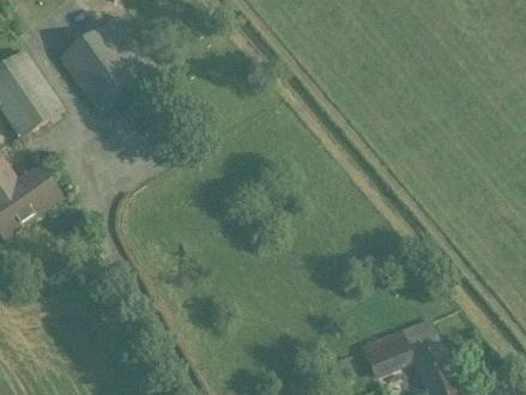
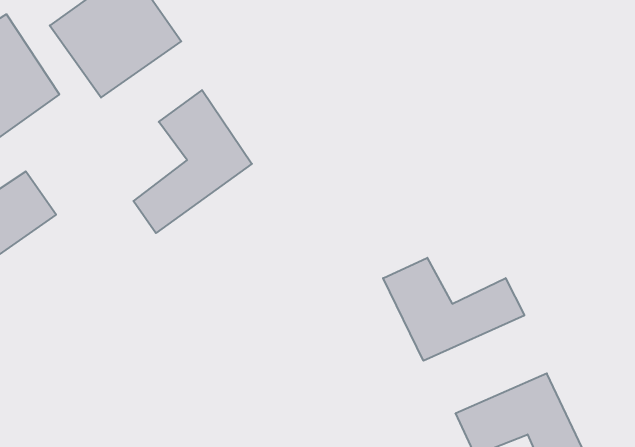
building: none -> [133,90,252,233]
building: none -> [383,258,524,361]

